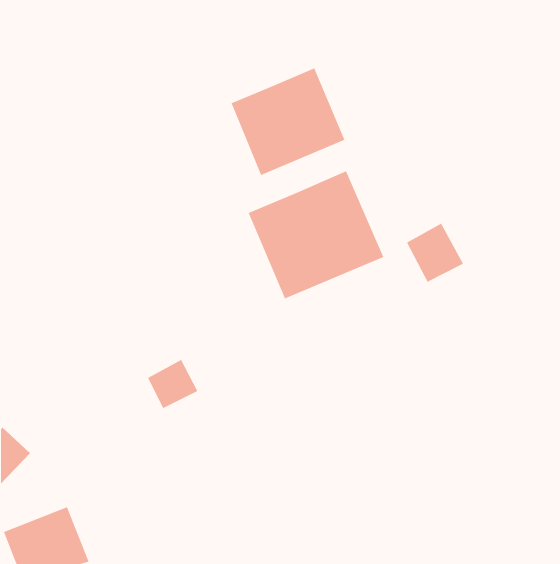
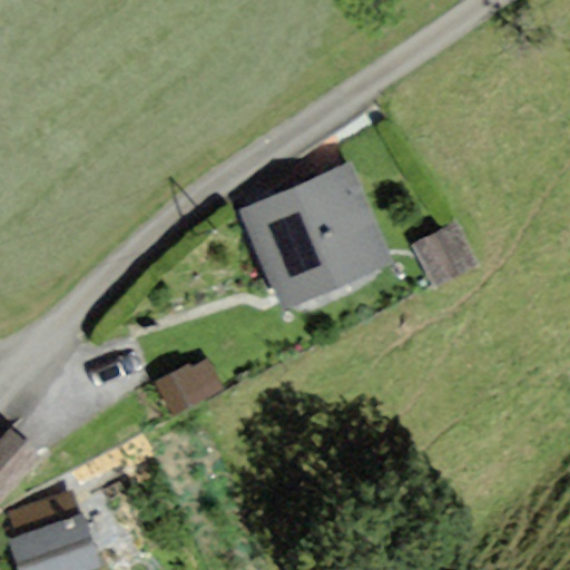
building: [231,68,345,176] -> none

